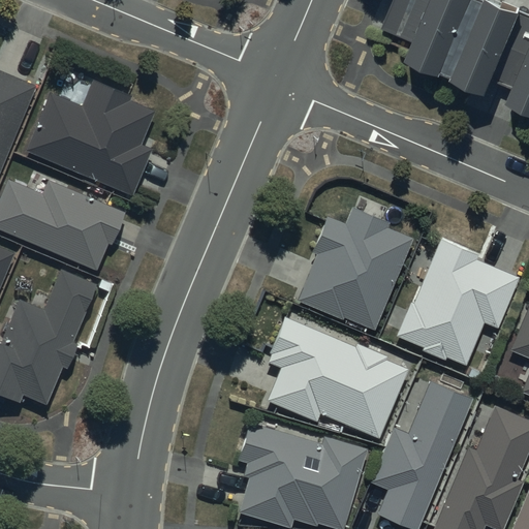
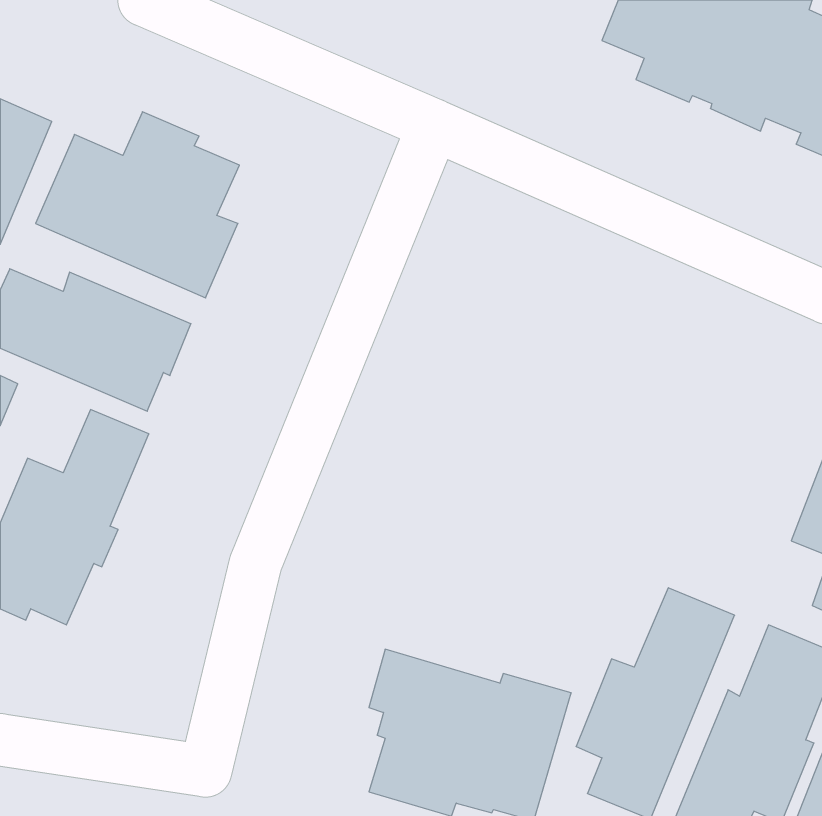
building: [298,205,413,329] -> none
building: [397,239,521,365] -> none
building: [267,314,409,438] -> none

